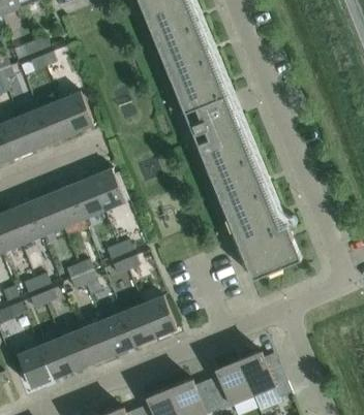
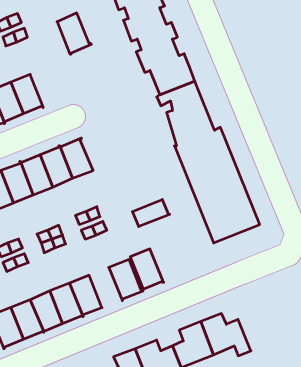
building: [58,92,94,135] -> [57,13,91,54]
building: none -> [132,199,170,227]
building: [120,305,155,347] -> [130,249,164,289]

